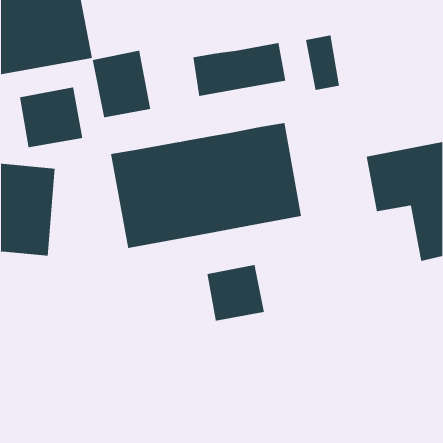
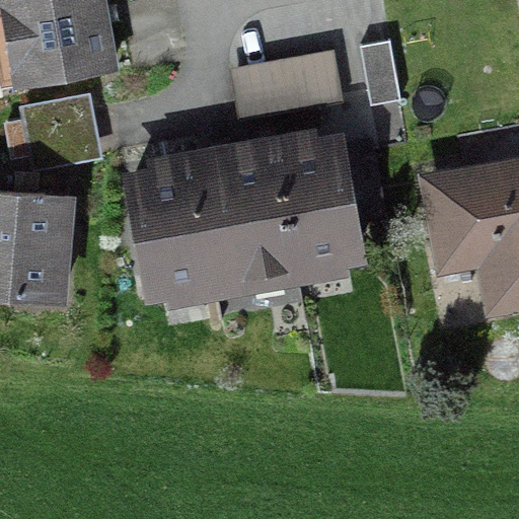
building: [92,50,151,118] -> none
building: [207,264,264,322] -> none

